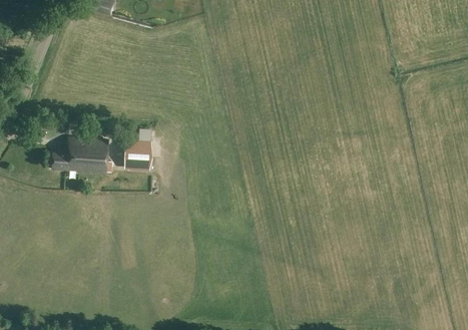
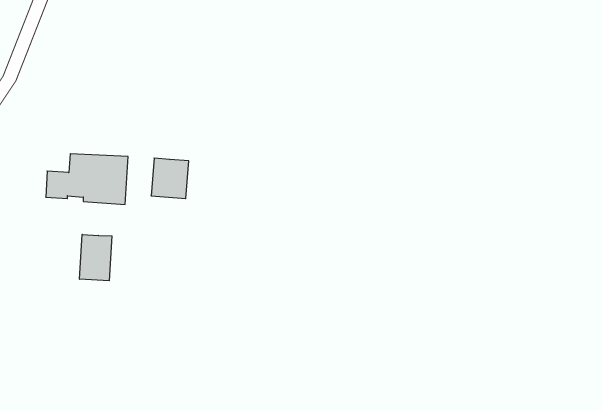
building: none -> [80,234,112,281]

